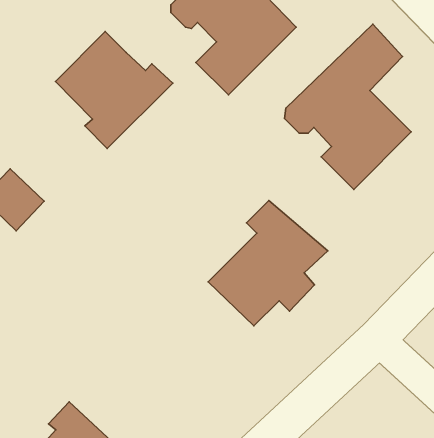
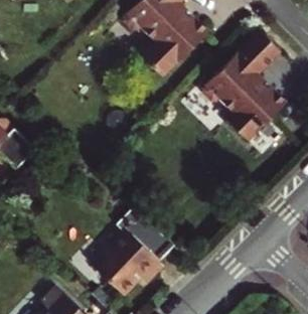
building: [55,31,173,148] -> none
building: [208,201,328,326] -> [91,207,172,293]

